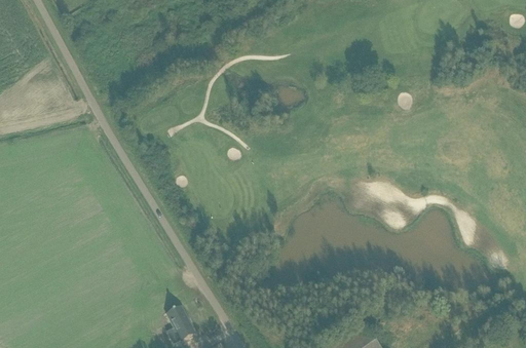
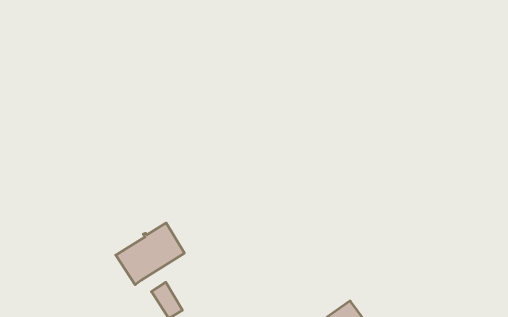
building: none -> [116,223,184,285]

